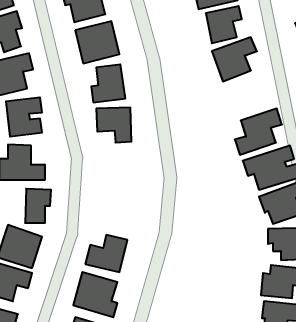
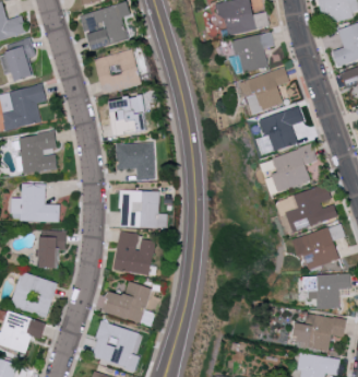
building: none -> [262,106,303,151]
building: none -> [119,189,167,227]
building: none -> [114,231,154,274]

